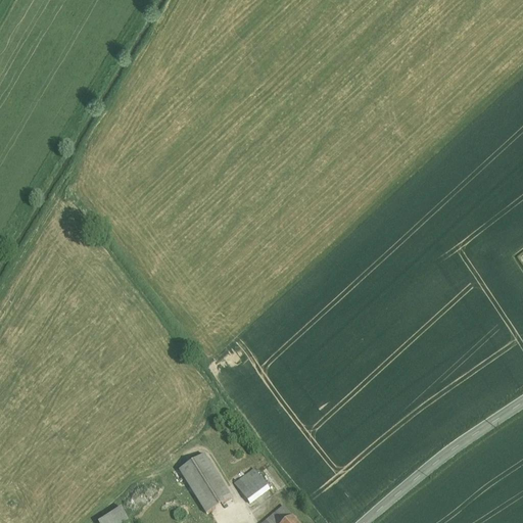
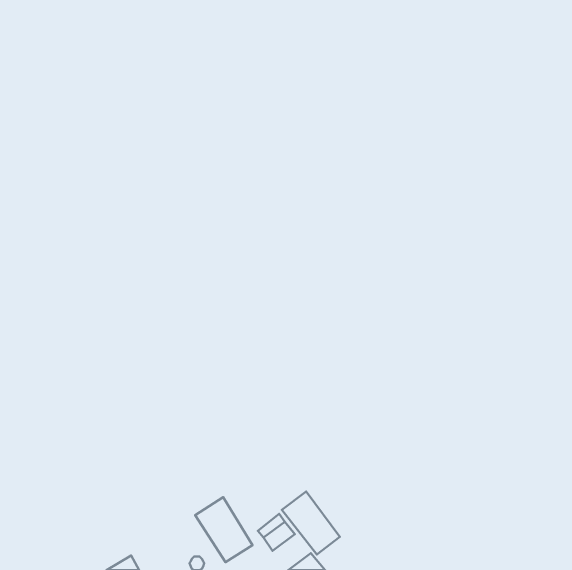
building: none -> [282,492,340,555]

